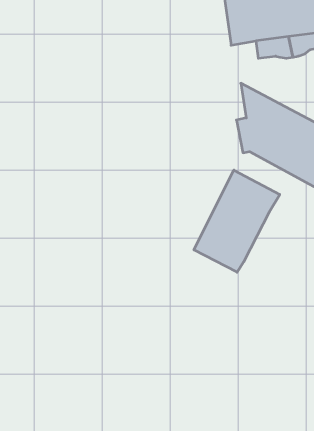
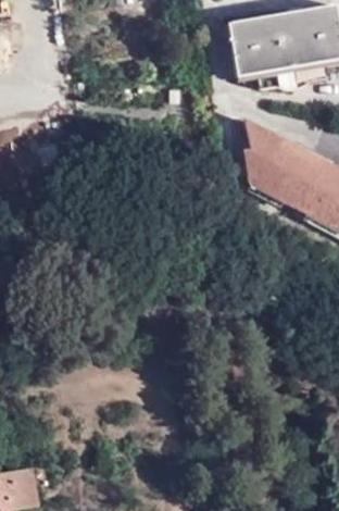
building: [194,170,280,272] -> none

